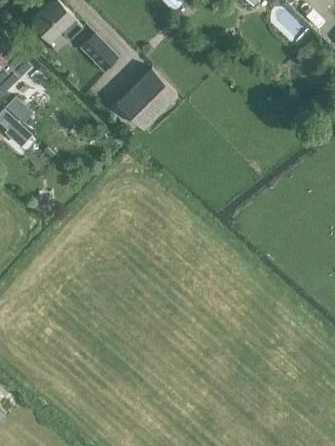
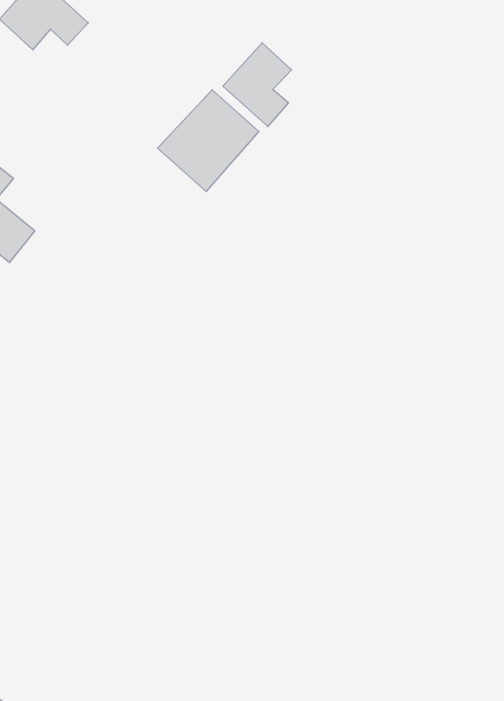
building: [79,32,118,71] -> none
building: none -> [223,43,292,126]

